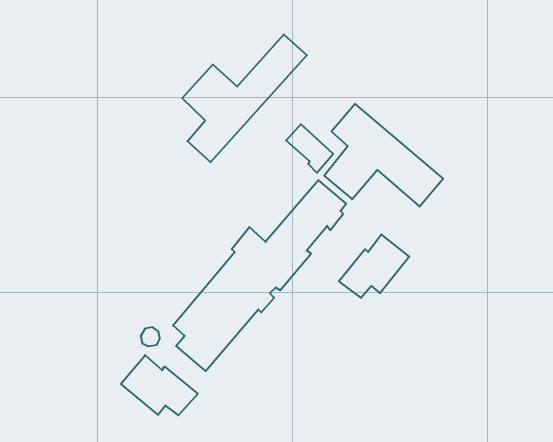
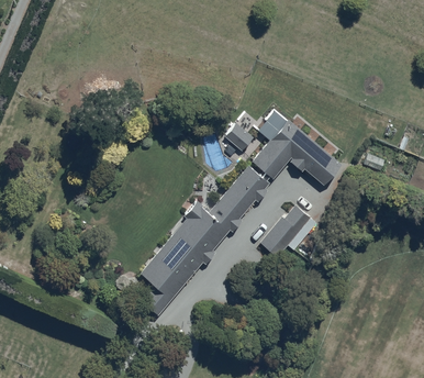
building: [182,34,307,162] -> none
building: [121,355,198,415] -> none

